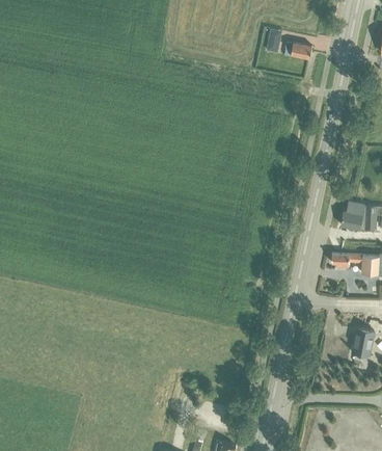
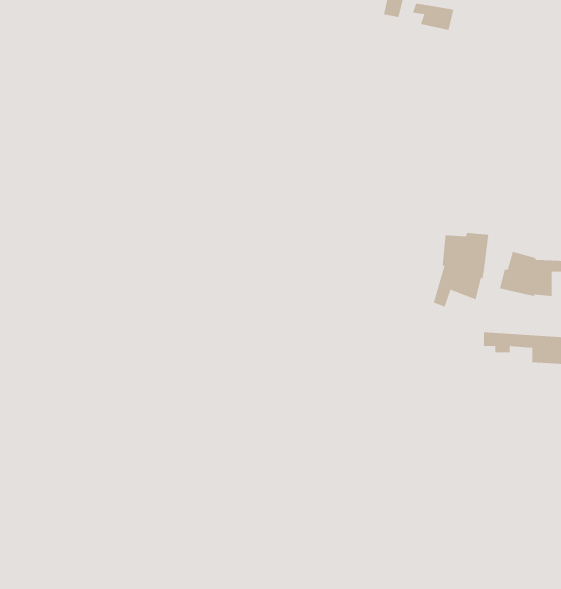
building: none -> [433,232,489,307]
building: [350,327,373,356] -> none

